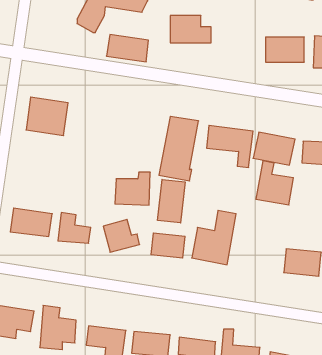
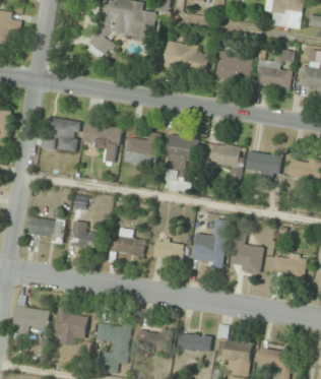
building: none -> [215,53,252,81]
building: [106,35,148,62] -> [83,124,121,148]
building: [256,161,293,205] -> [231,233,264,272]
building: [115,172,150,205] -> [128,134,159,164]
building: [158,179,185,223] -> none

